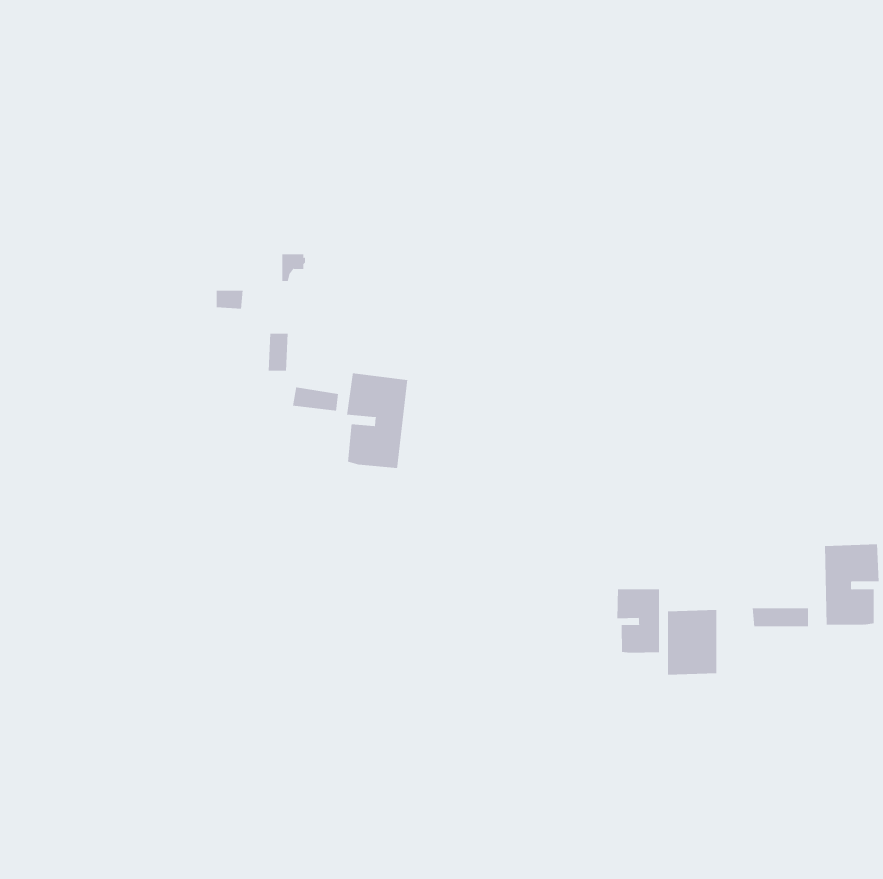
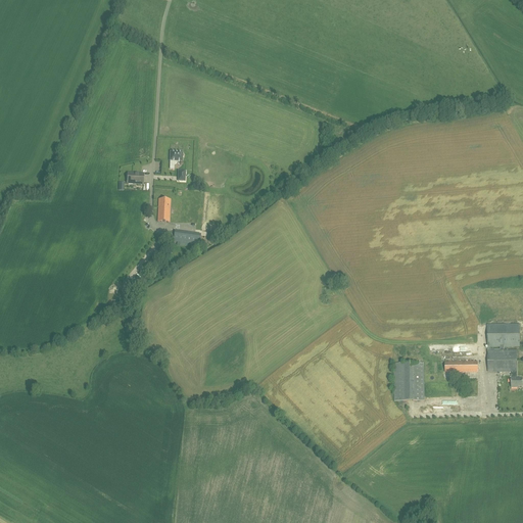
building: [347,373,408,469] -> none
building: [617,588,659,654] -> none

